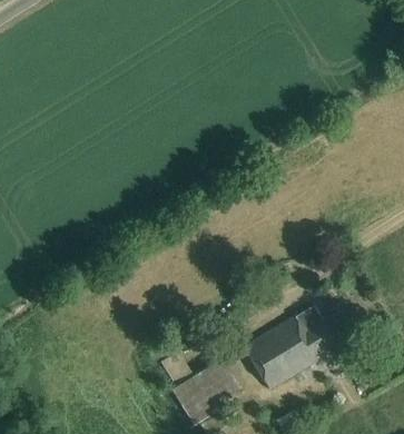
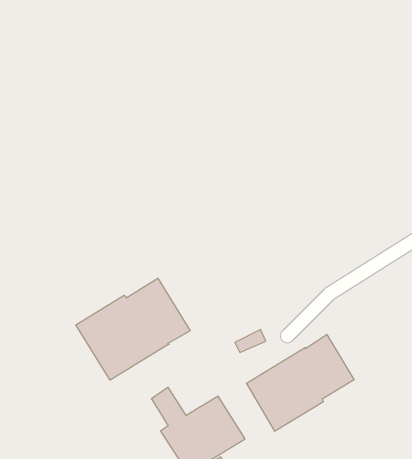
building: none -> [76,278,190,380]

